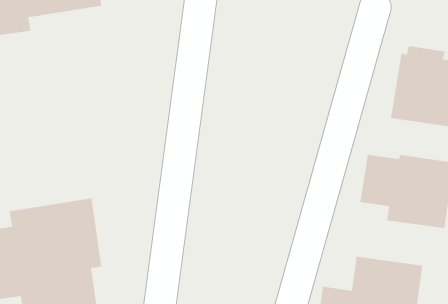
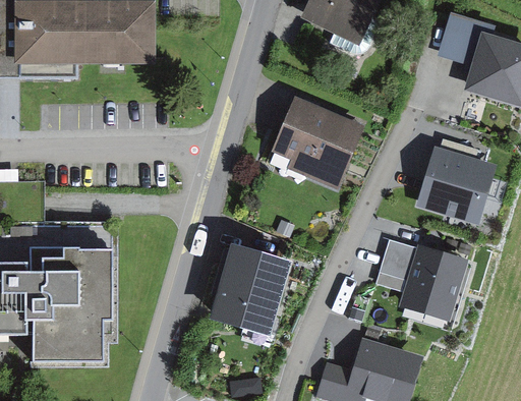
building: none -> [271,97,365,189]
building: none -> [216,245,287,329]

